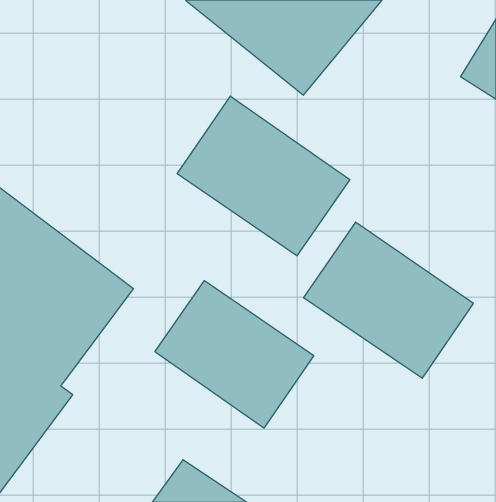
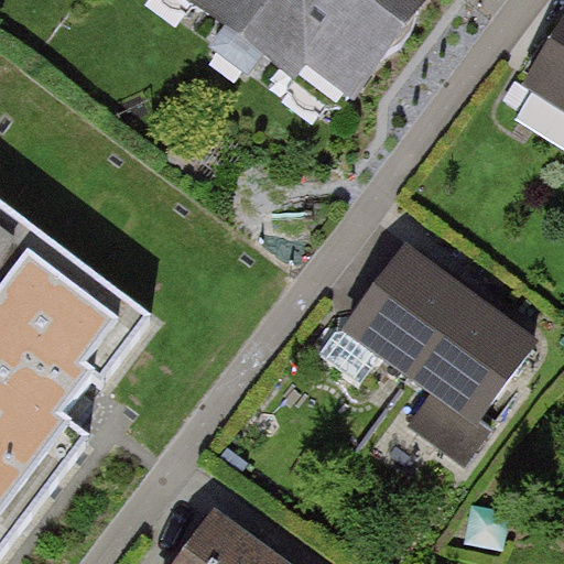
building: [177,96,350,256] -> none
building: [155,281,314,428] -> none

